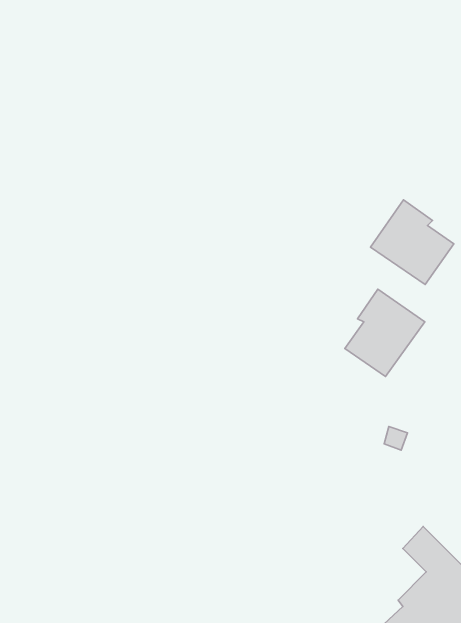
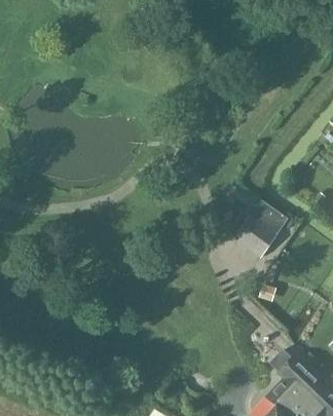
building: [371,200,454,284] -> none

